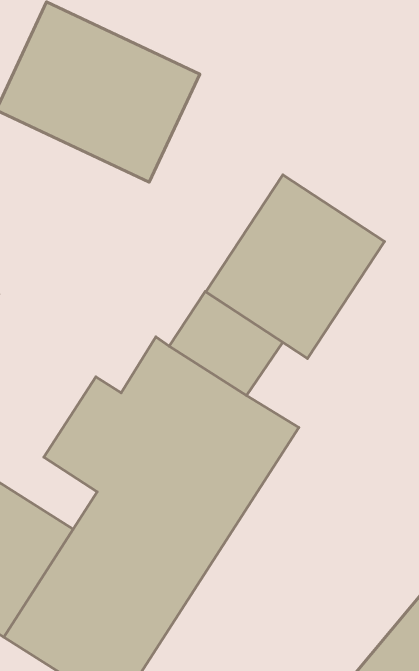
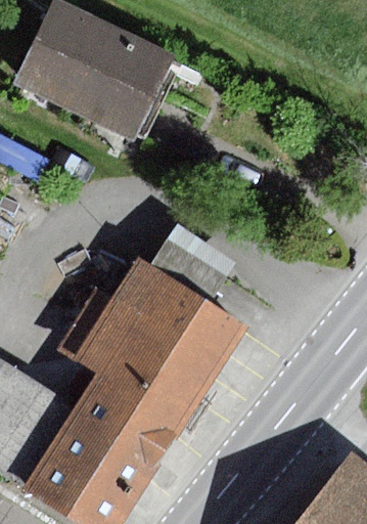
building: [206,175,384,359] -> none

